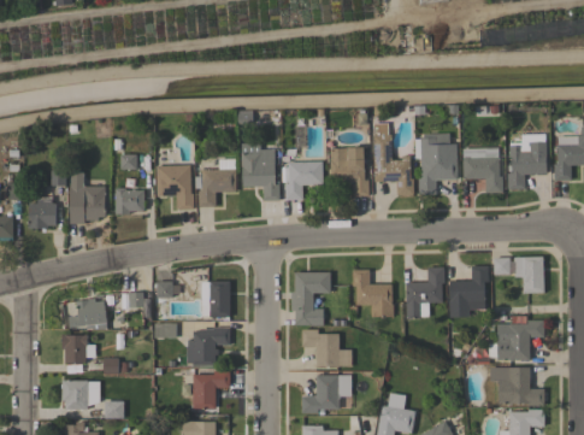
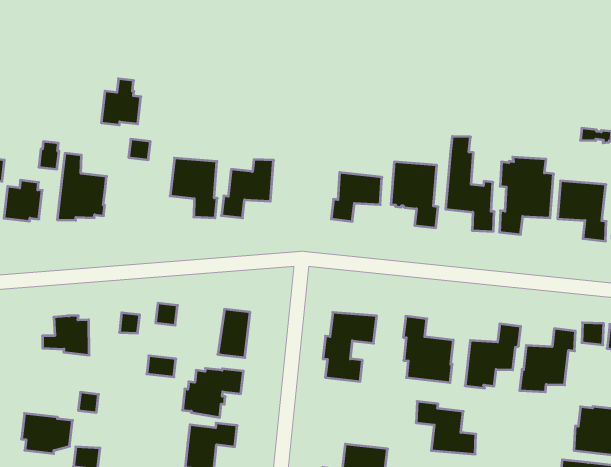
building: [241,142,279,200] -> none
building: [116,177,144,213] -> [101,79,141,125]
building: [301,329,352,366] -> [416,401,476,454]
building: [61,334,95,363] -> none

